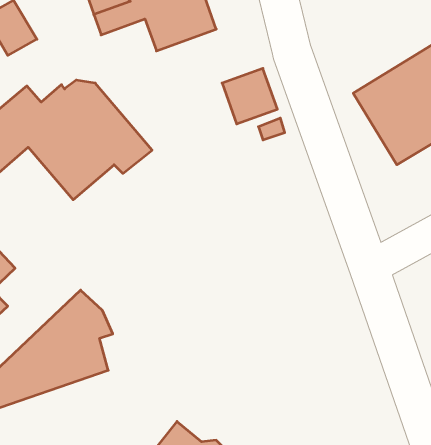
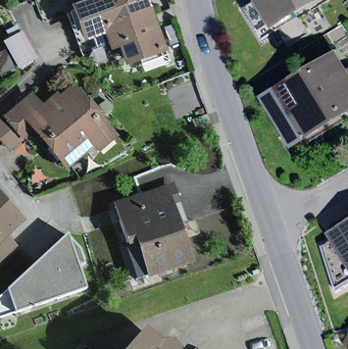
building: none -> [111,183,194,277]

